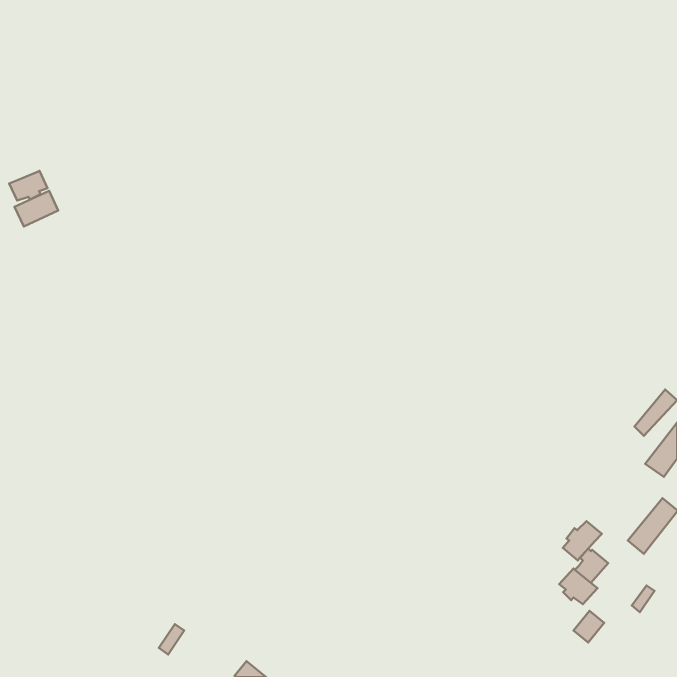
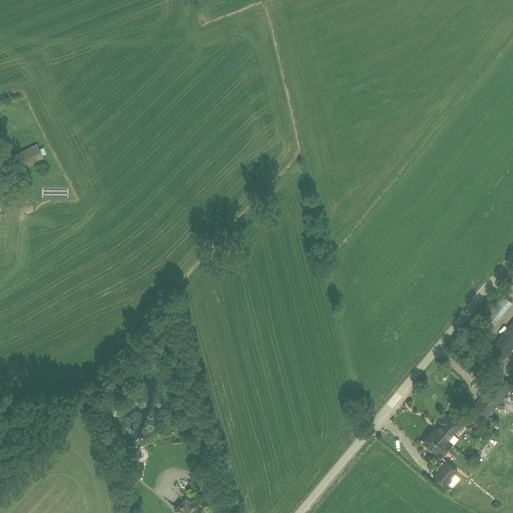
building: [9,171,47,201] -> none
building: [563,521,602,560] -> none

